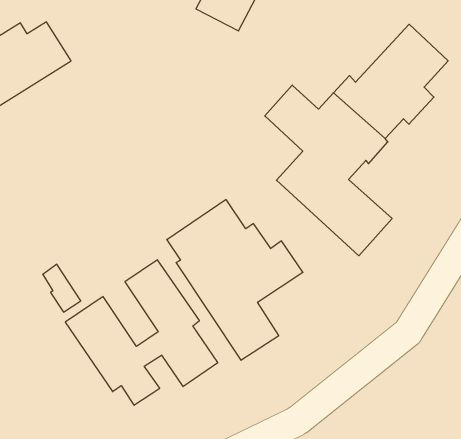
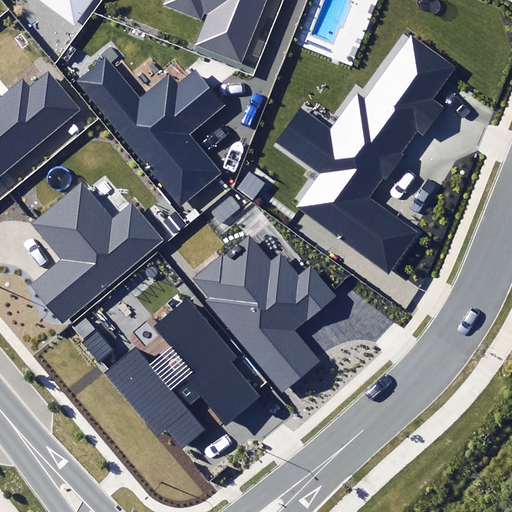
building: none -> [74,57,225,210]
building: none -> [30,180,161,320]

